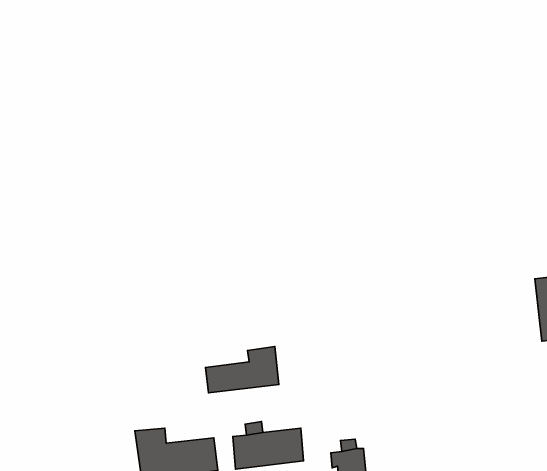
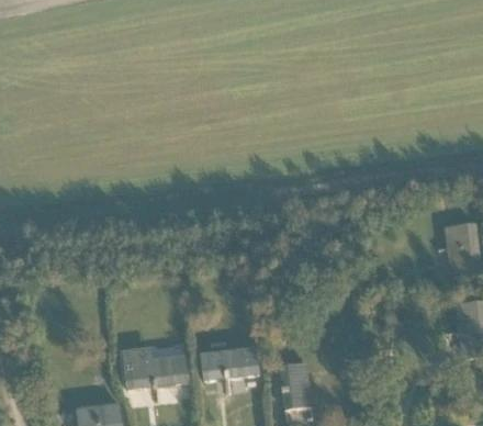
building: [205,346,279,393] -> none

